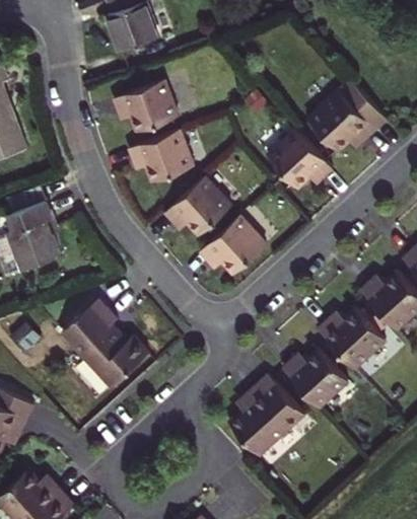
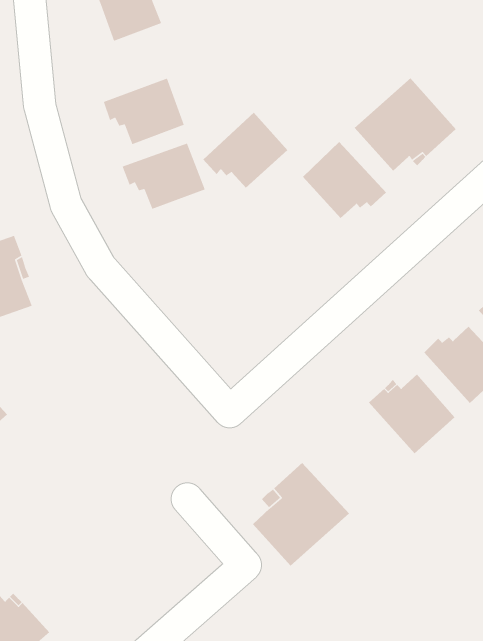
building: [164,177,230,236] -> [202,112,288,189]
building: [199,217,266,276] -> none
building: [61,299,148,388] -> none
building: [282,350,347,410] -> none

